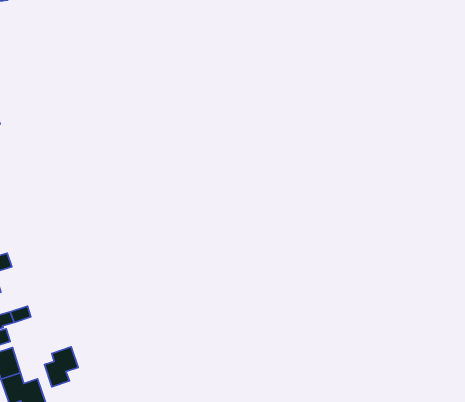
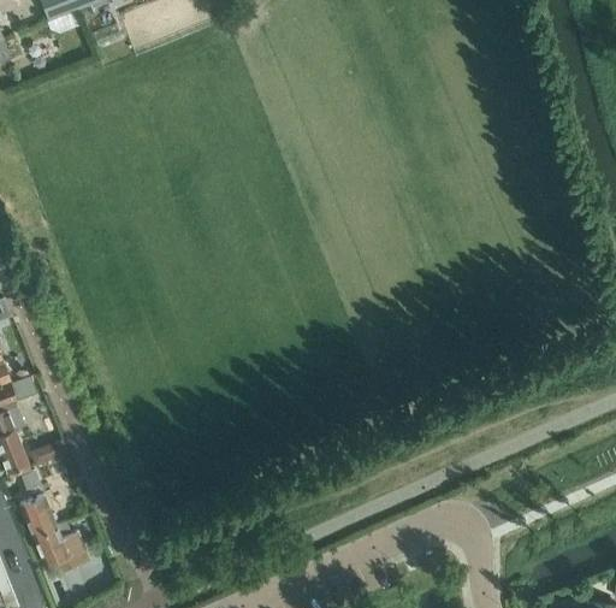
building: [44,347,78,387] -> none

